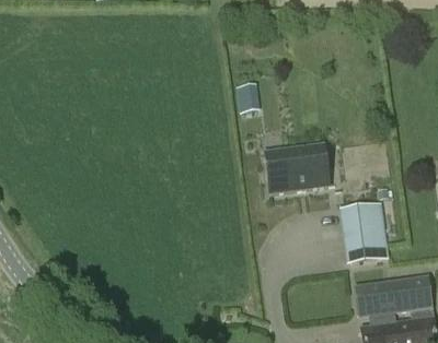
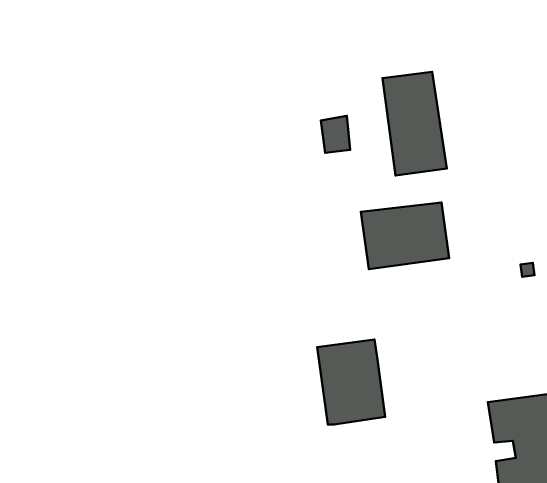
building: none -> [383,72,447,175]
building: [339,201,388,261] -> [317,339,385,425]

